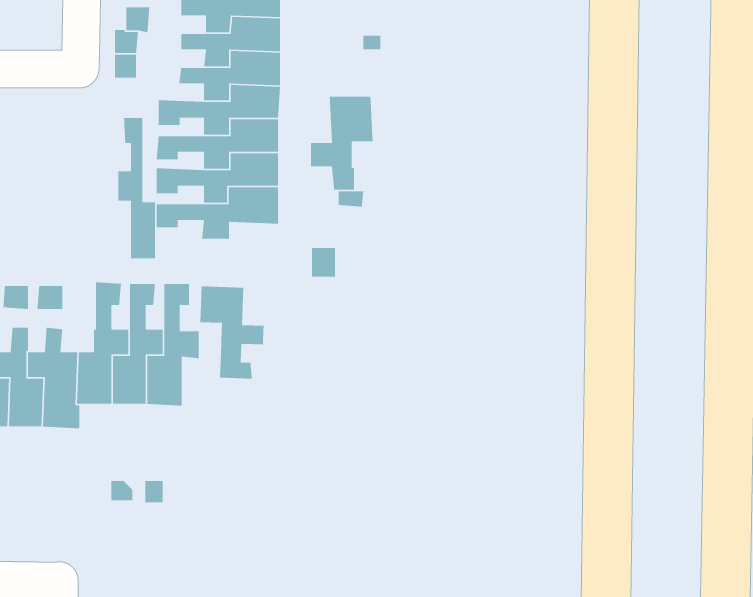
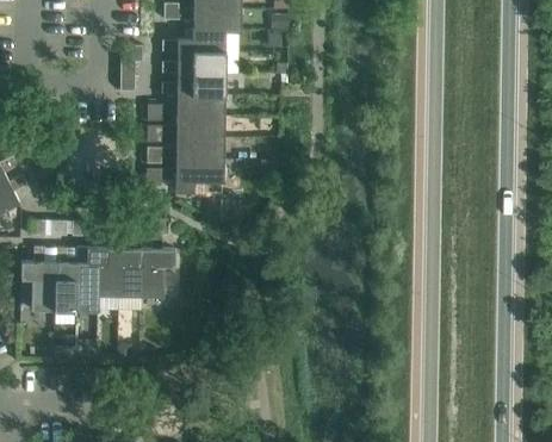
building: [310,96,374,190] -> none
building: [117,117,156,259] -> none
building: [199,285,265,379] -> none

